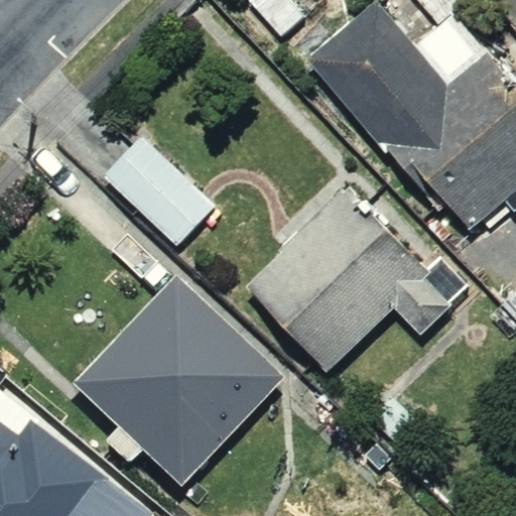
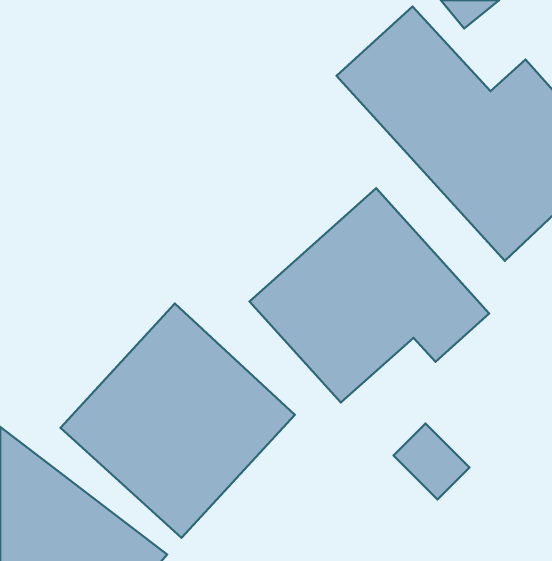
building: [100,131,228,257] -> none

